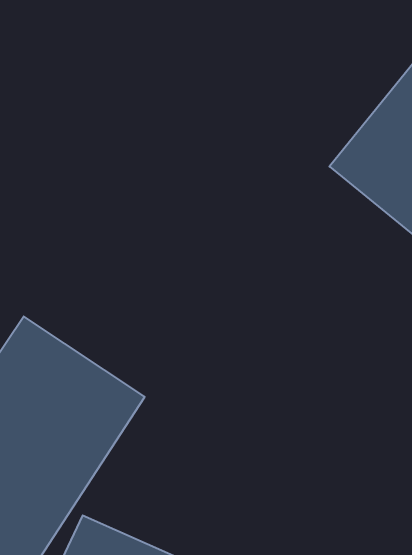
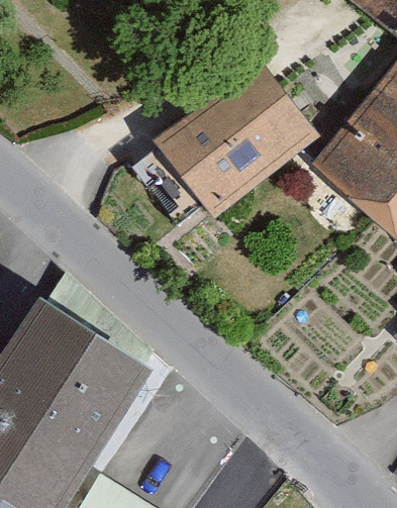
building: none -> [169,65,317,206]

